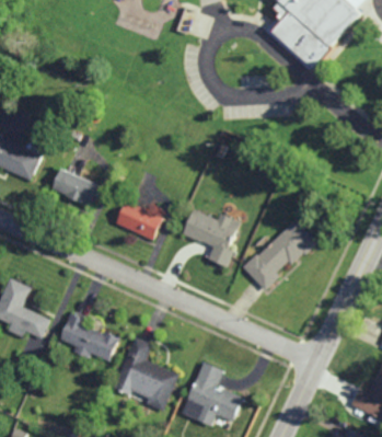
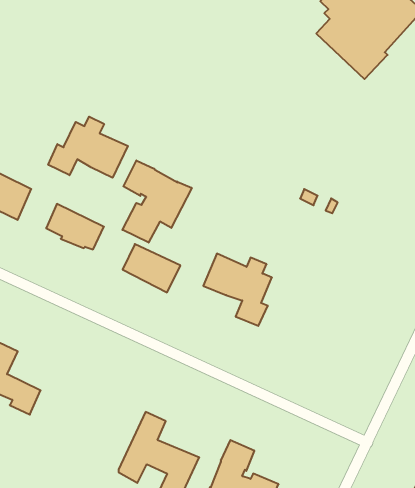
building: none -> [48,117,128,178]
building: none -> [122,160,192,243]
building: [241,219,317,291] -> none
building: [58,314,118,361] -> none

